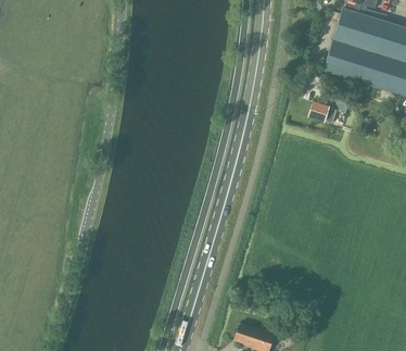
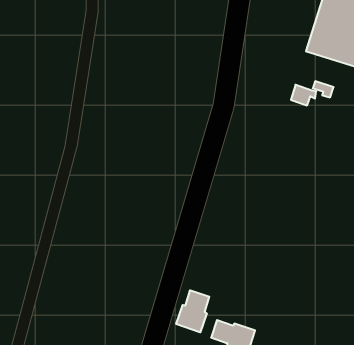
building: none -> [176,290,209,332]

